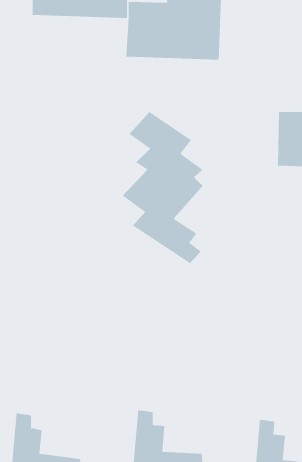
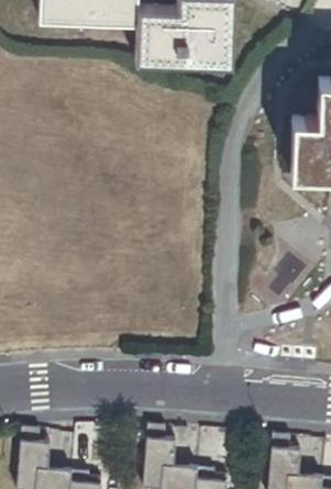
building: [122,111,204,264] -> none

